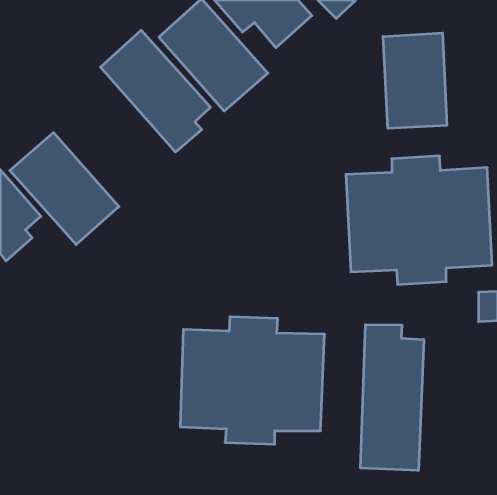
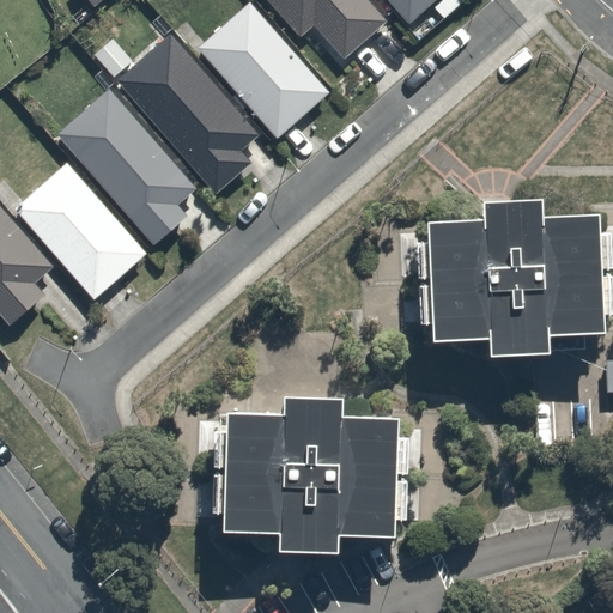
building: [383,33,447,128] -> none
building: none -> [60,96,196,245]
building: [361,325,424,471] -> none

